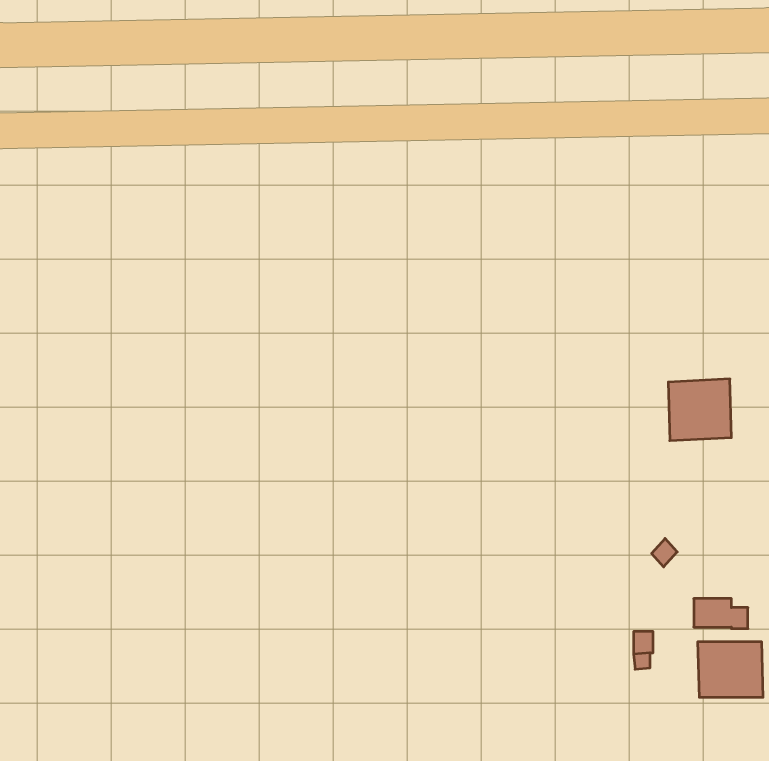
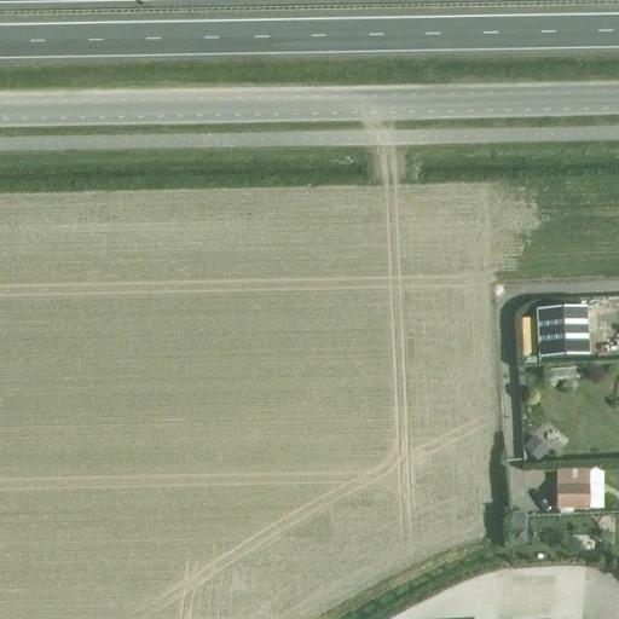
building: [698,642,763,697] -> none

